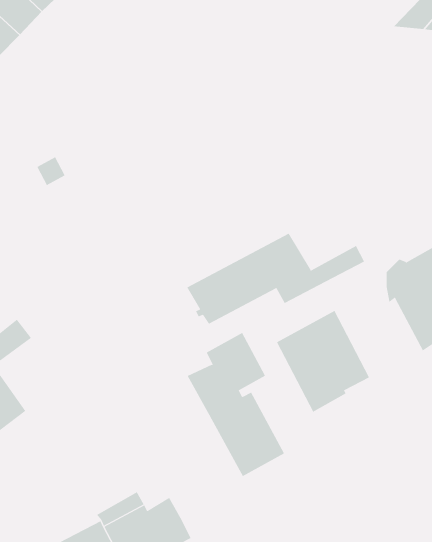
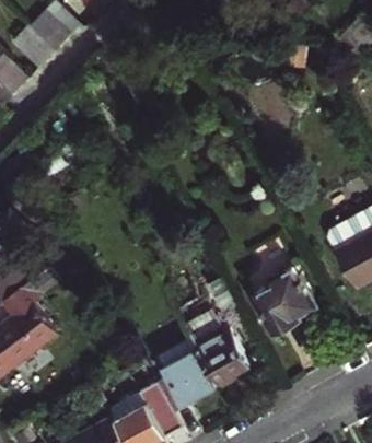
building: [187,233,365,324] -> none
building: none -> [156,337,219,413]

